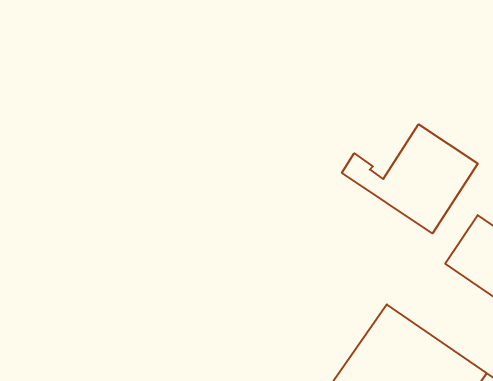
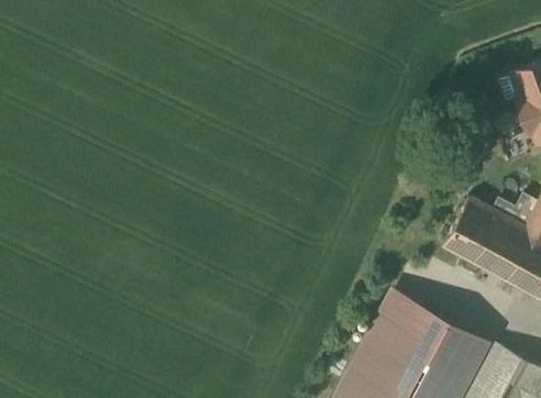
building: [342,124,478,233] -> none

